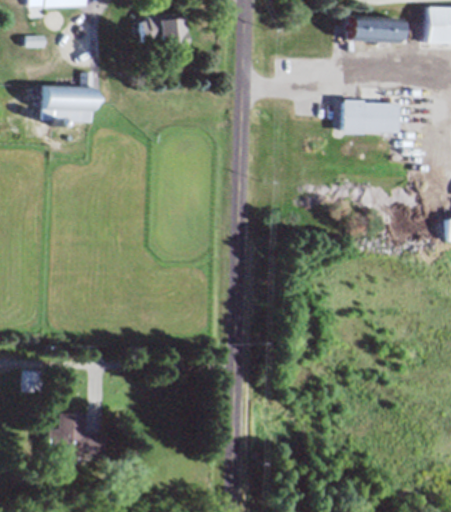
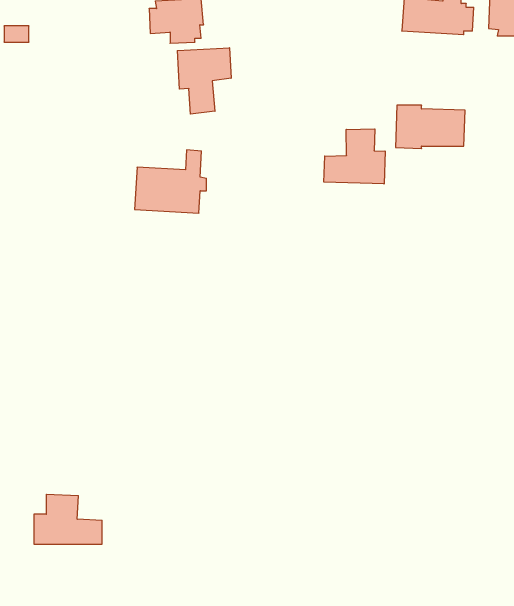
building: none -> [177,48,231,114]
building: [42,72,100,123] -> [135,150,206,213]
building: none -> [324,129,385,184]

